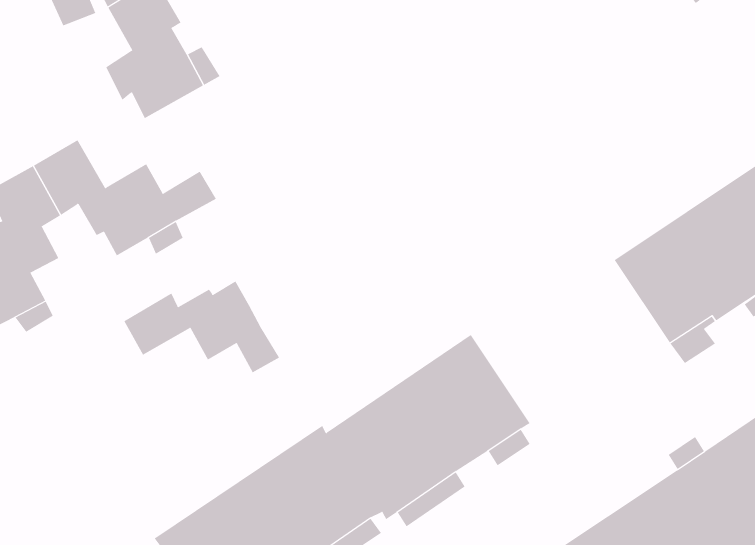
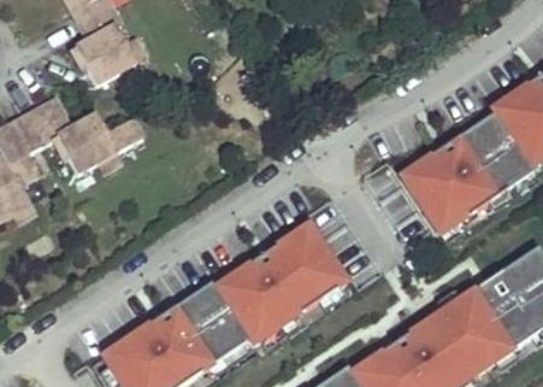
building: [123,280,280,373] -> none

